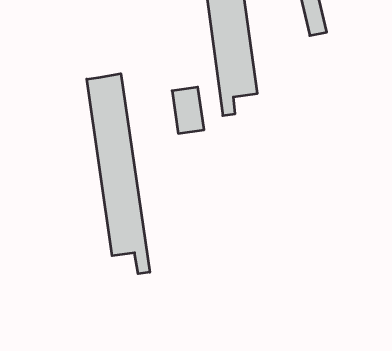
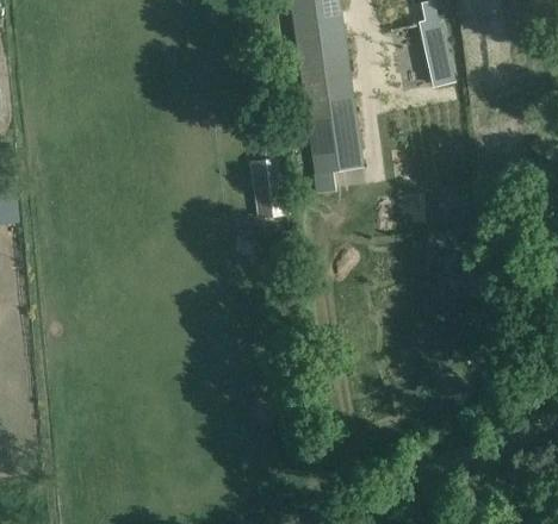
building: [87,74,150,274] -> none

